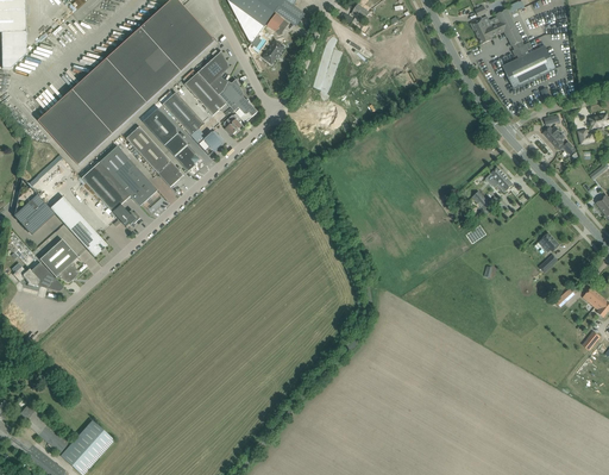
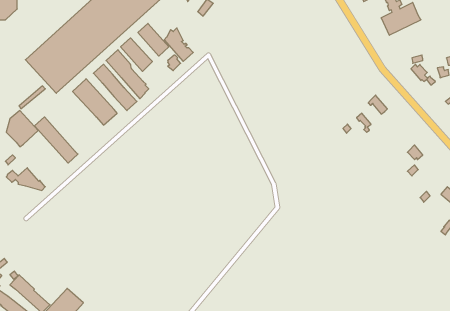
building: [197,51,228,95] -> none
building: [81,162,139,226] -> none
building: [38,239,77,282] -> none

